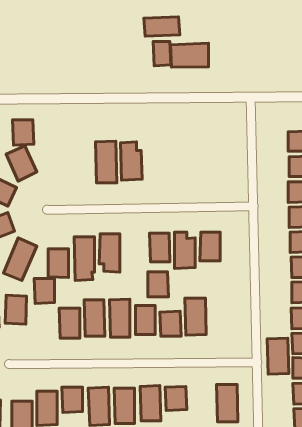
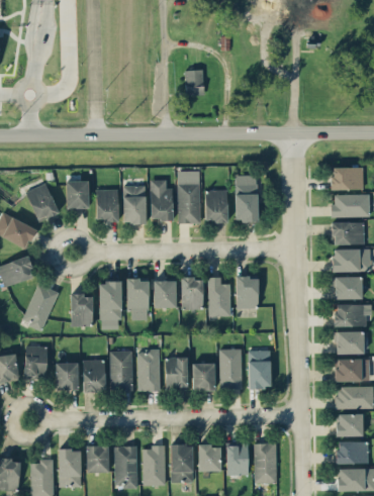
building: [144,17,180,36] -> none
building: [171,43,209,67] -> none
building: [12,120,34,145] -> [66,181,89,208]
building: none -> [178,171,200,223]
building: none -> [235,175,258,221]
building: none -> [96,189,118,220]
building: none -> [205,190,227,221]
building: [148,272,168,297] -> [154,280,176,307]
building: [34,278,55,304] -> [56,363,78,390]
building: [267,338,289,374] -> [248,350,271,389]
building: none -> [226,443,249,475]

